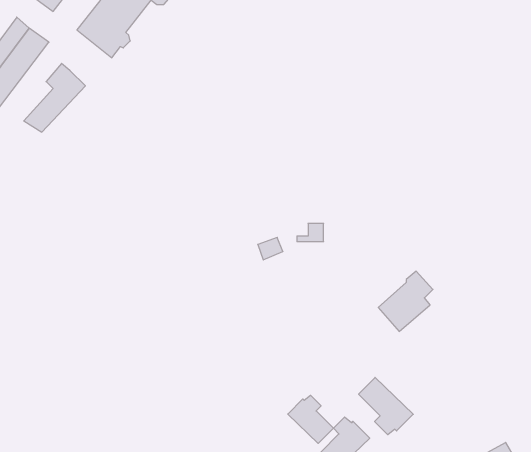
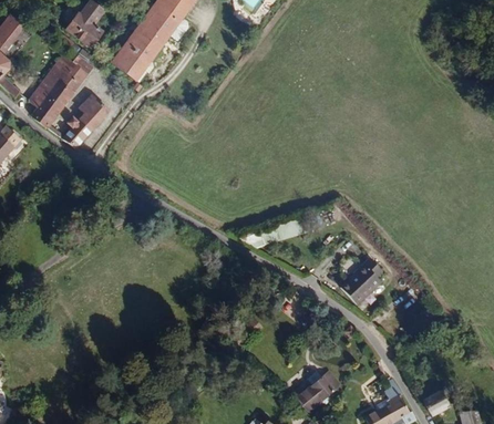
building: [359,377,413,435] -> none
building: [288,395,333,443] -> none

